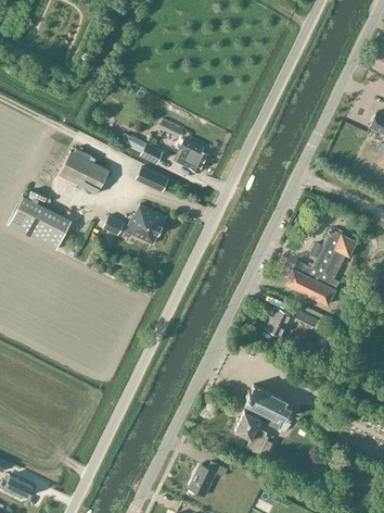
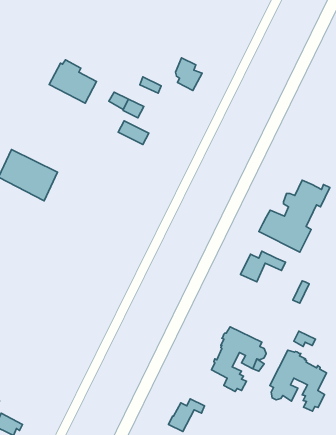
building: [181,138,209,173] -> [175,58,202,91]
building: [60,148,110,193] -> [49,60,96,103]
building: [104,204,167,243] -> none
building: none -> [270,350,326,411]

